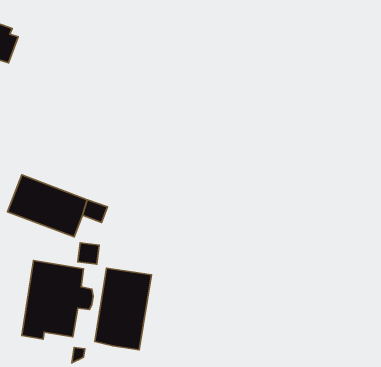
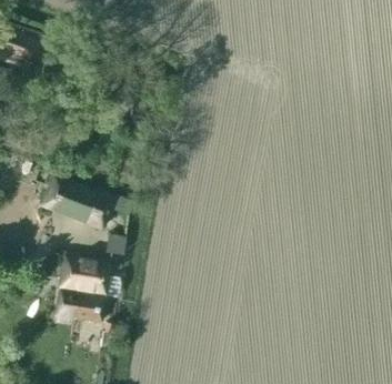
building: [95,268,152,350] -> none

